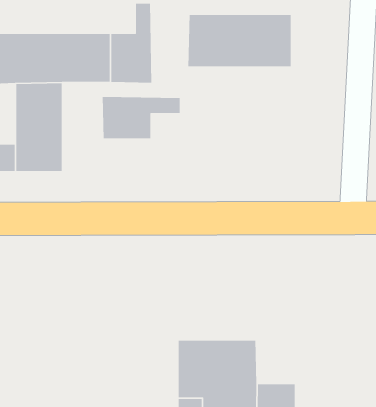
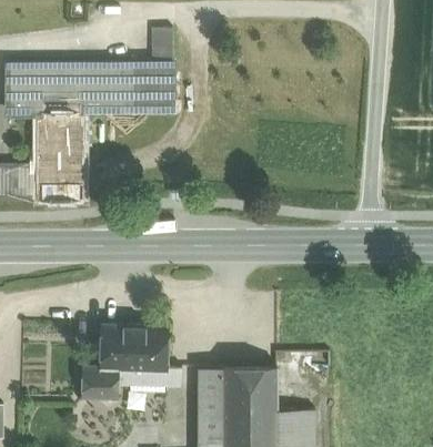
building: [188,14,291,67] -> none
building: [102,96,181,139] -> none
building: none -> [81,324,180,398]

